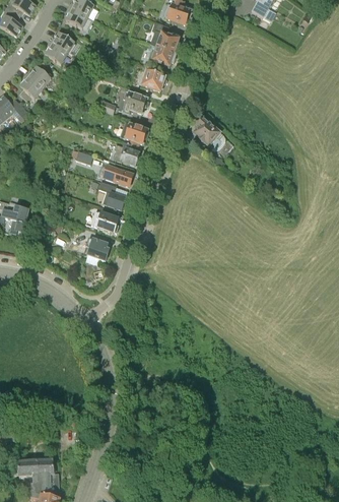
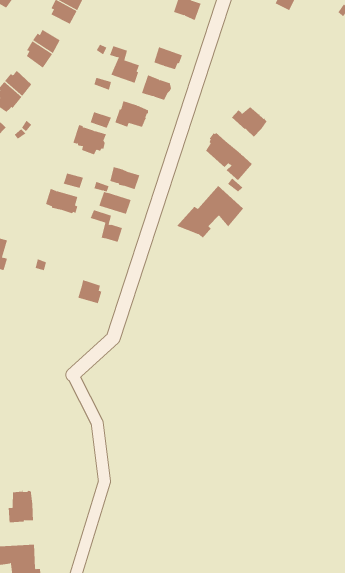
building: [153,21,179,53] -> [109,45,140,83]
building: none -> [231,106,267,137]
building: [119,121,147,146] -> [72,124,107,155]
building: none -> [176,185,244,239]
building: [90,210,118,232] -> [45,188,78,214]
building: none -> [8,490,33,523]

